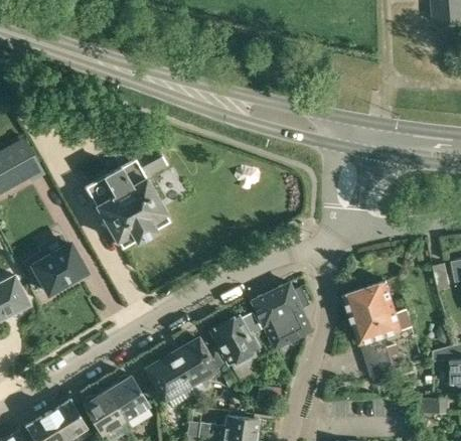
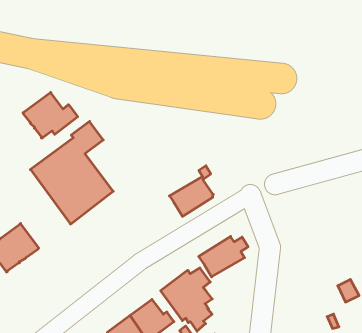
building: none -> [23,92,78,138]
building: [344,283,412,378] -> none
building: [263,297,309,347] -> [169,166,213,216]

